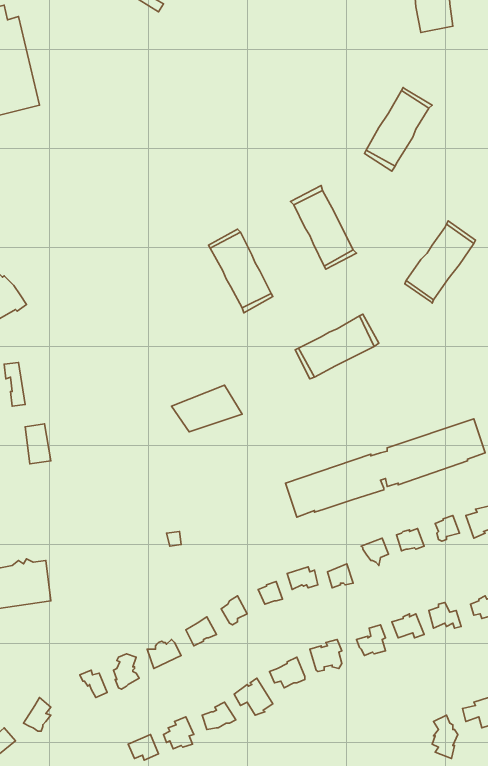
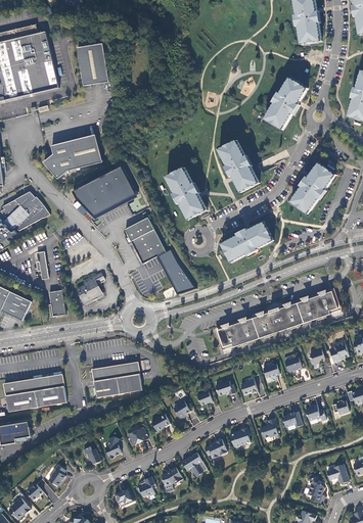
building: none -> [76,43,108,86]
building: none -> [43,134,101,179]
building: none -> [72,168,134,220]
building: none -> [125,211,166,264]
building: none -> [76,272,103,302]
building: none -> [92,364,141,397]

